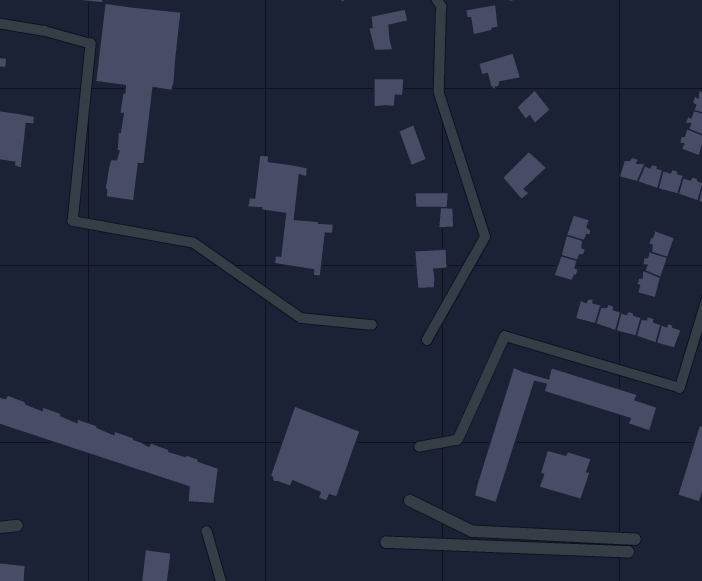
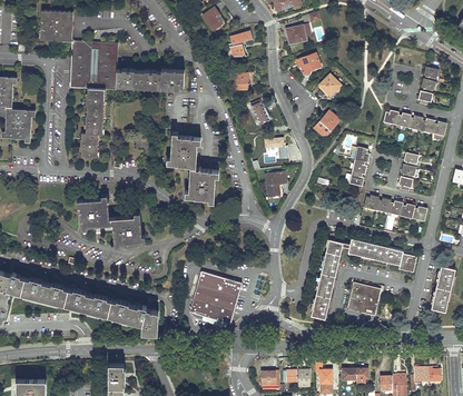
building: none -> [116,70,184,89]
building: none -> [76,197,145,247]

